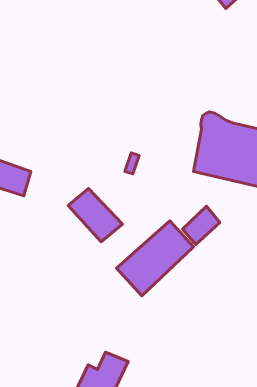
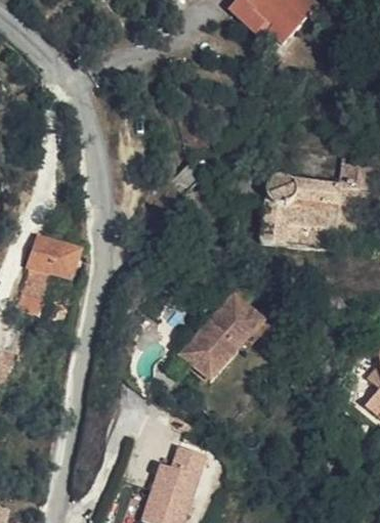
building: [68,188,123,242] -> none
building: [183,206,220,245] -> none

